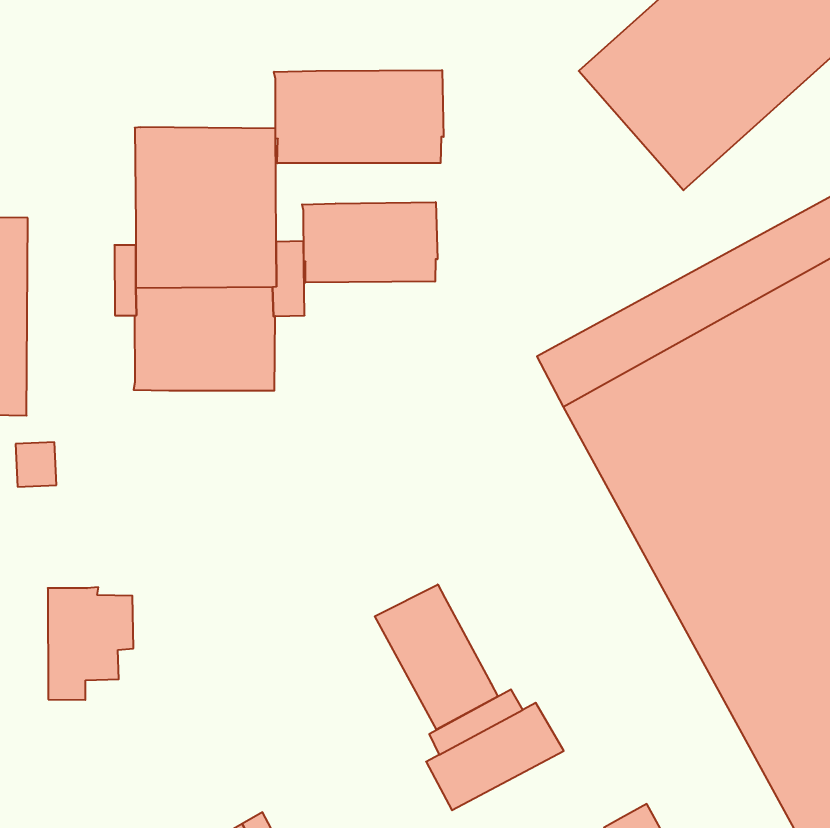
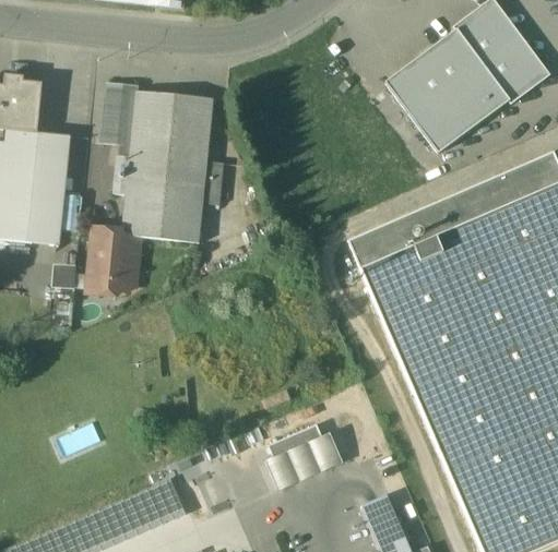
building: [274,70,444,163] -> none
building: none -> [102,82,138,145]
building: [302,202,437,283] -> none
building: [375,584,498,730] -> none
building: [48,587,133,700] -> [87,230,140,295]

